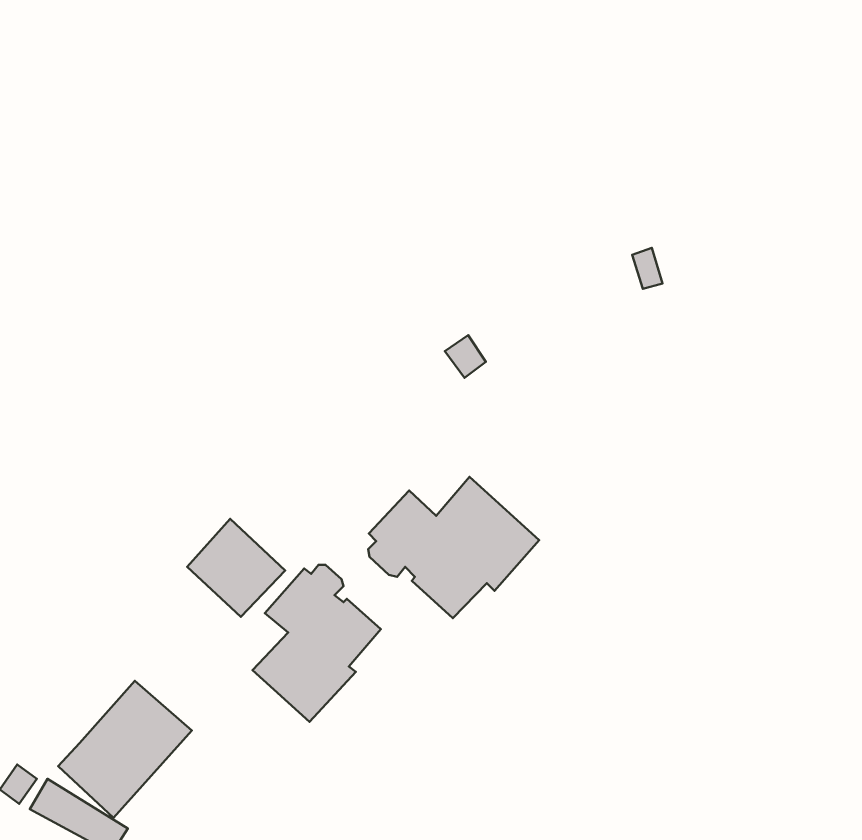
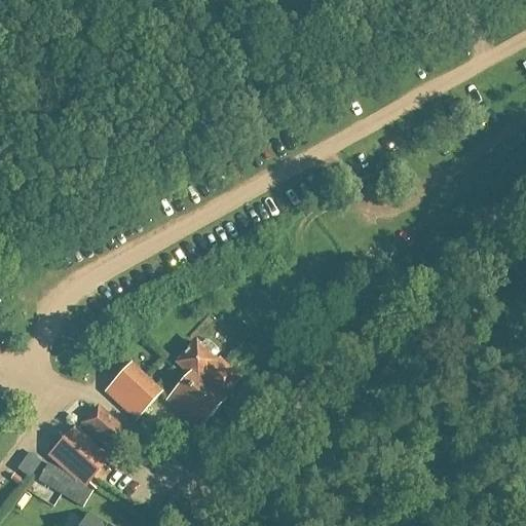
building: [368,477,539,618] -> none
building: [187,519,285,617] -> [104,361,160,417]

